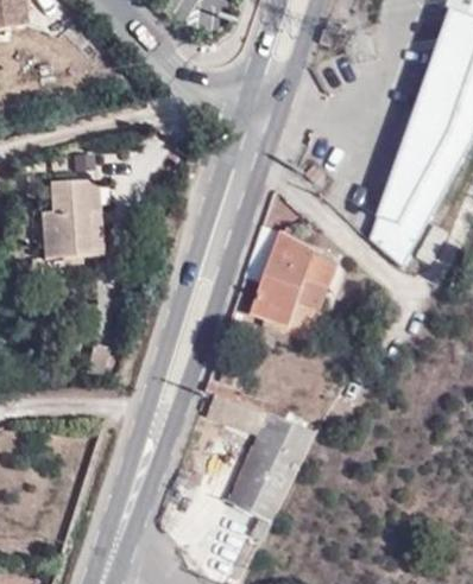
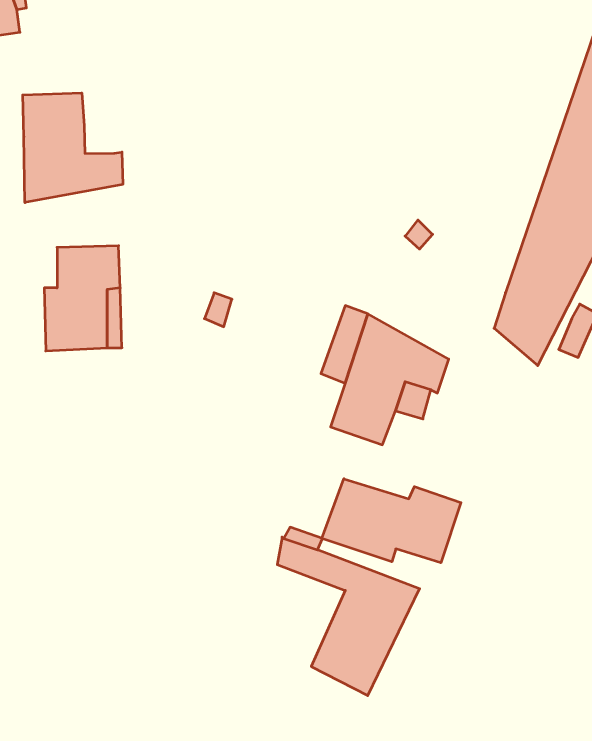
building: none -> [23,93,123,203]
building: none -> [322,479,461,563]

